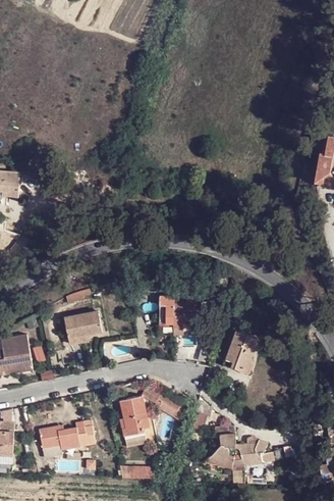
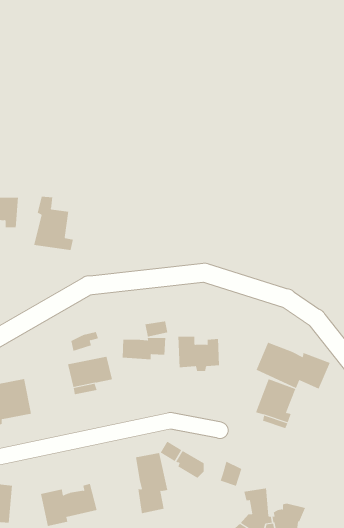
building: none -> [33,196,74,251]
building: none -> [122,337,166,360]
building: none -> [256,342,330,389]

